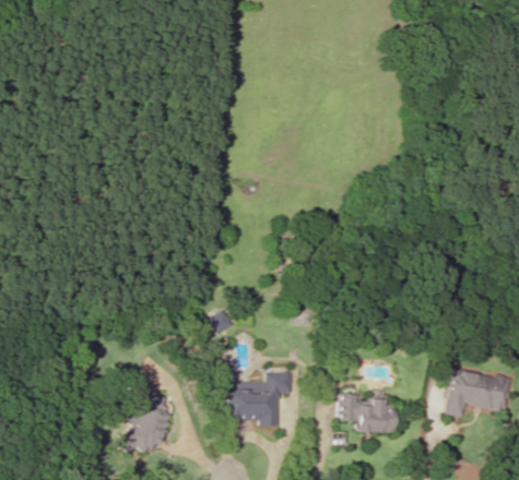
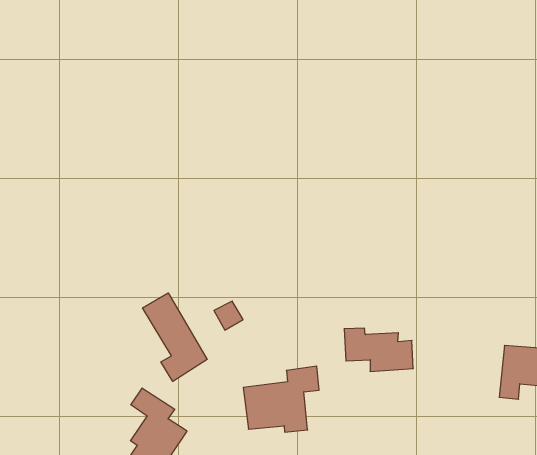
building: none -> [143,293,207,381]
building: [338,393,396,432] -> [344,328,413,371]

